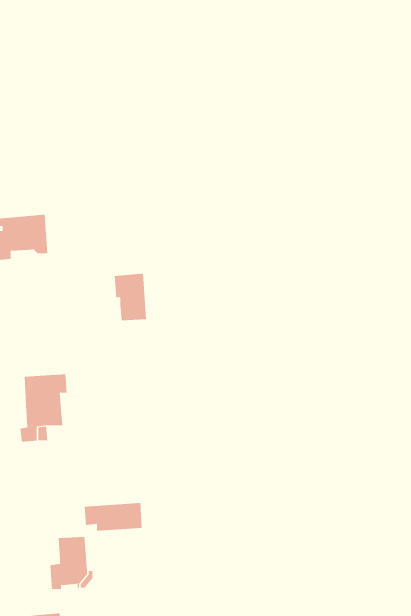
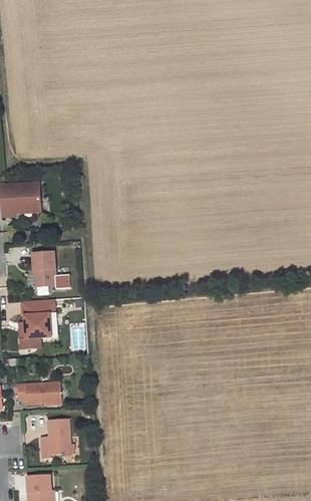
building: [114,273,147,321] -> [31,251,55,286]
building: [84,502,143,531] -> [17,383,60,404]

